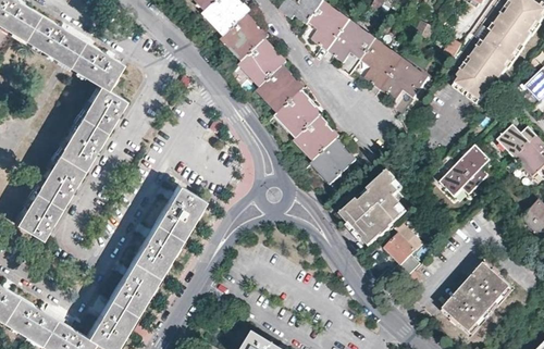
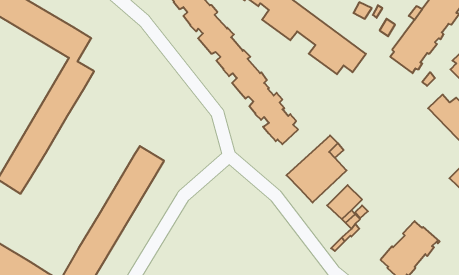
building: [440,145,490,196] -> none

